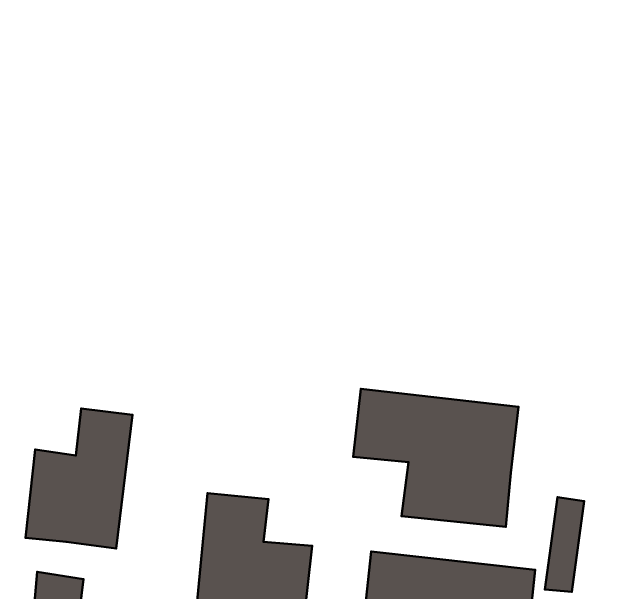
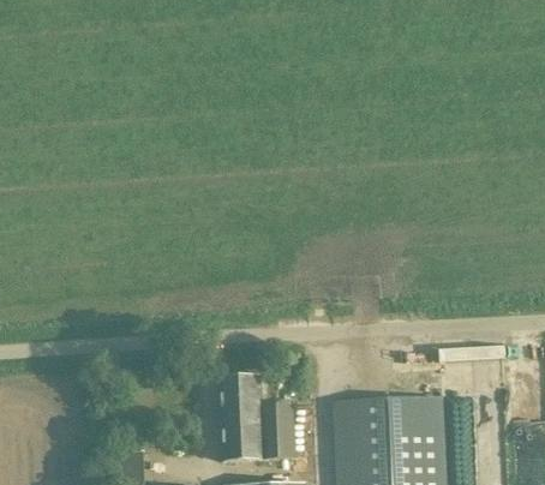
building: [353,389,519,527] -> none
building: [25,408,132,548] -> none

